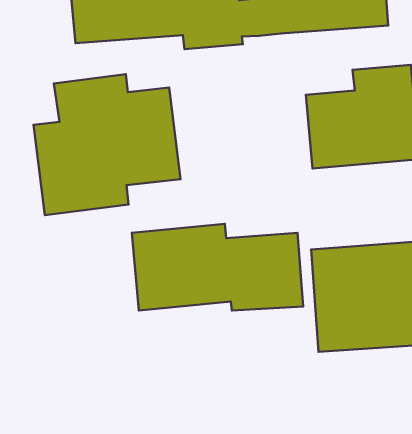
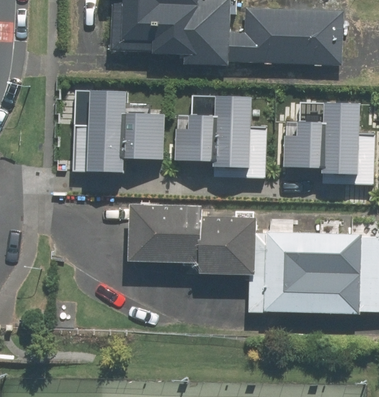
building: none -> [181,93,248,169]

